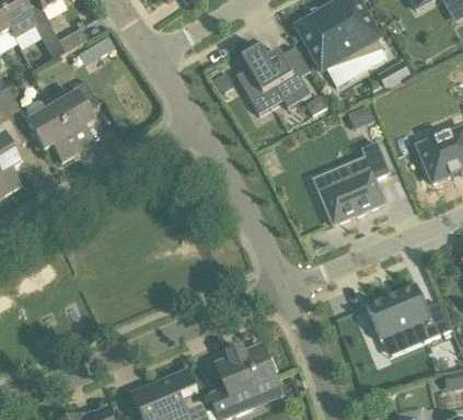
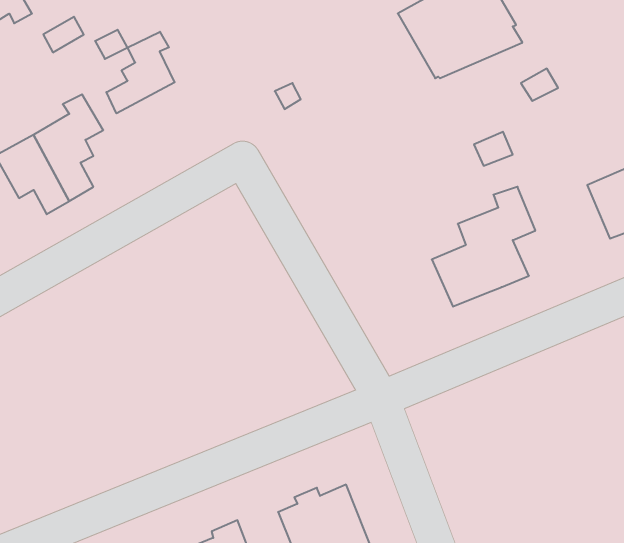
building: none -> [106,32,175,113]
building: [236,45,311,105] -> none
building: [358,284,443,340] -> none

